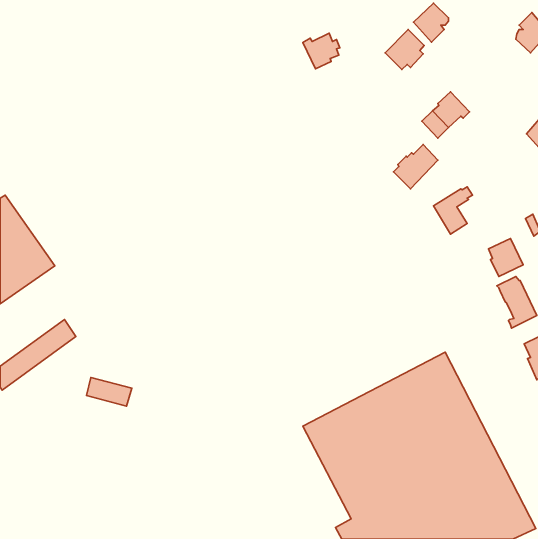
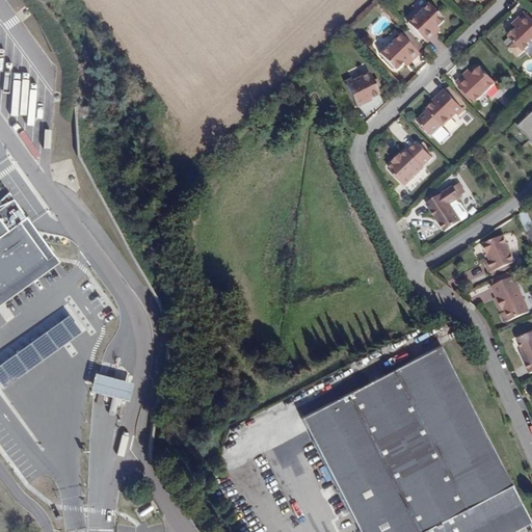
building: [303,33,340,69] -> [343,72,379,107]
building: none -> [456,68,496,103]

